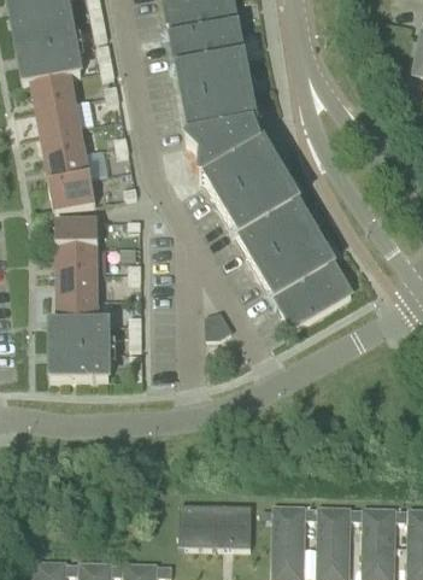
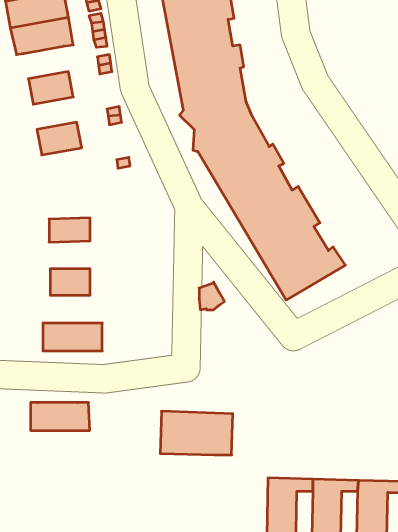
building: [33,76,77,109] -> none
building: [42,127,86,159] -> none
building: [51,177,98,212] -> none
building: [57,219,100,248] -> none
building: [58,270,99,298] -> none
building: [52,324,111,352] -> [31,403,90,430]
building: [181,504,253,547] -> [160,411,233,455]

